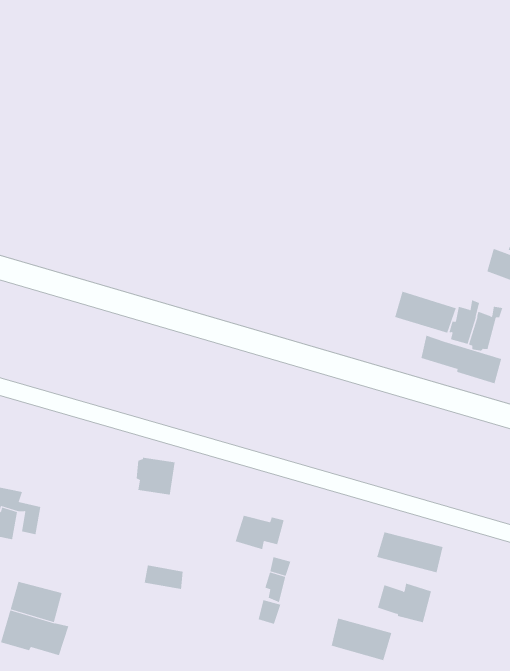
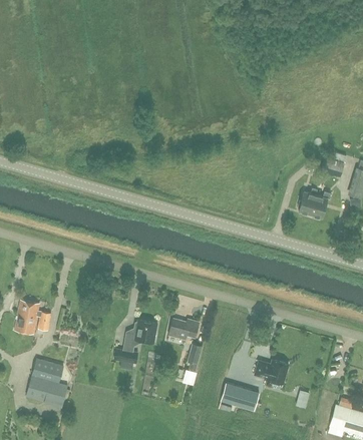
building: [395,291,456,333] -> none
building: [421,335,502,384] -> none
building: [136,457,175,495] -> [132,321,156,344]
building: [376,531,443,573] -> none

